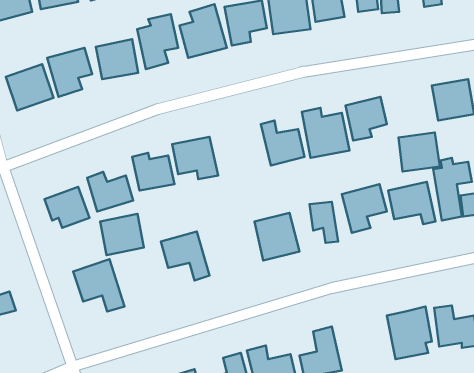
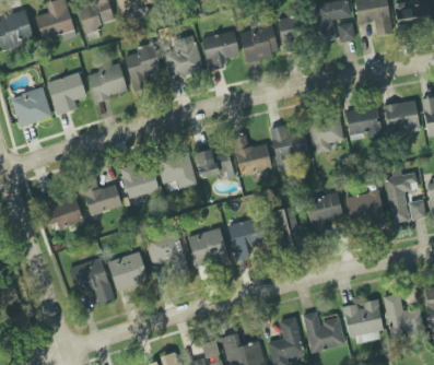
building: none -> [195,145,233,179]
building: [399,133,440,171] -> [345,106,382,140]
building: [100,214,144,255] -> [108,252,146,289]
building: none -> [187,228,226,266]
building: none -> [302,310,344,352]

